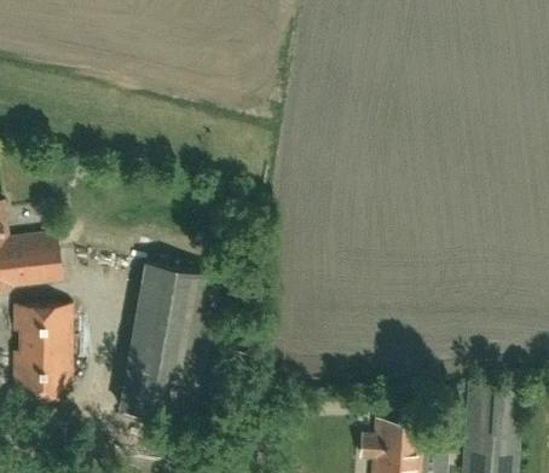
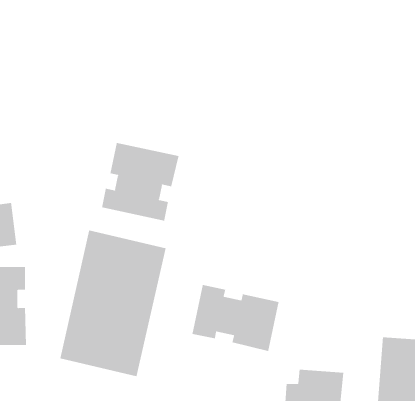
building: none -> [102,142,179,222]
building: none -> [192,284,279,352]

